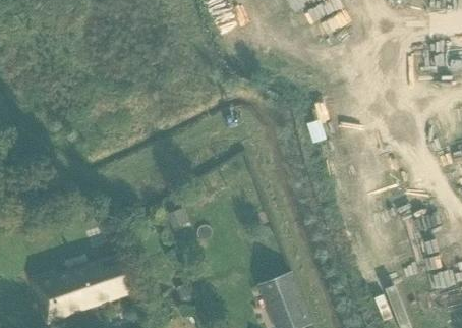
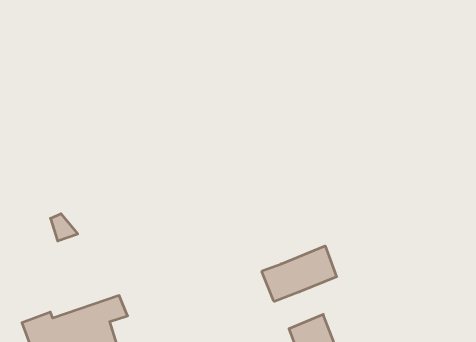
building: none -> [262,246,337,301]

